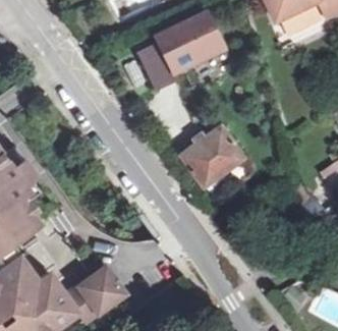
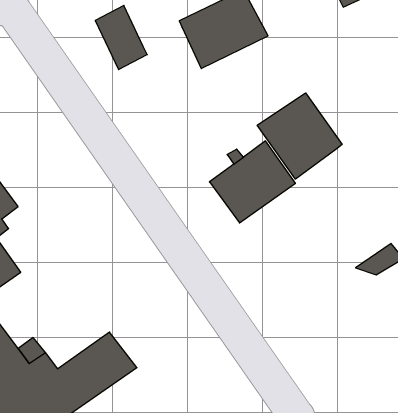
building: [138,41,177,89] -> [95,5,147,70]
building: none -> [257,93,342,179]

